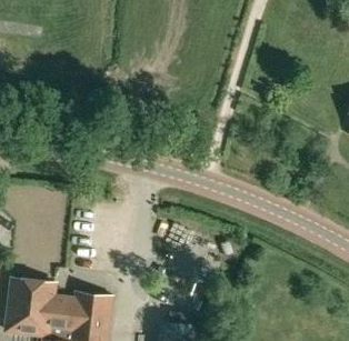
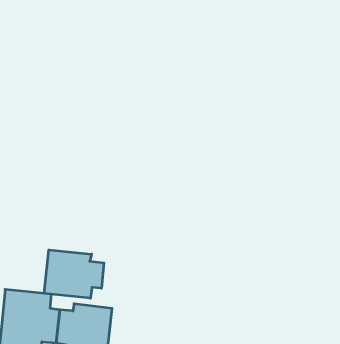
building: none -> [44,250,104,298]

